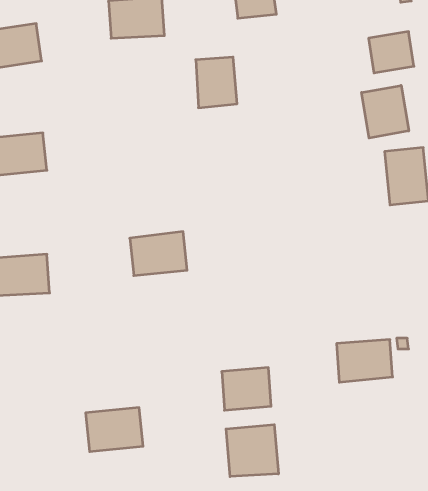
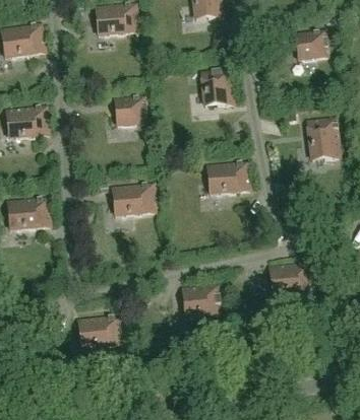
building: [196,57,237,108] -> [201,68,233,107]
building: [362,85,409,138] -> none
building: none -> [115,95,147,125]
building: none -> [206,162,249,194]
building: [226,425,278,477] -> none

